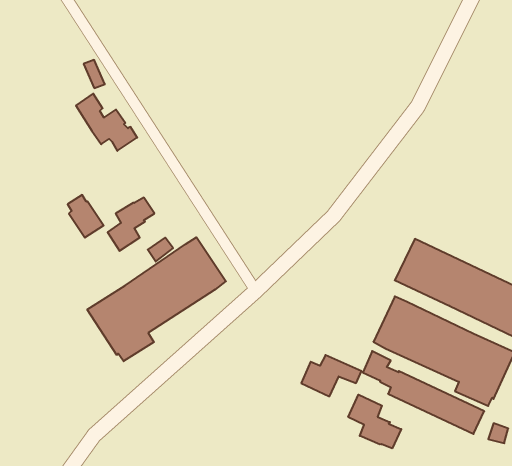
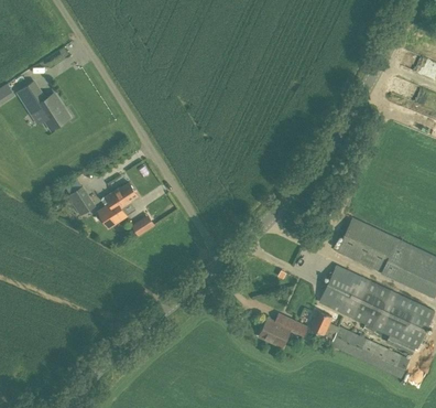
building: [76,94,137,151] -> [19,82,69,129]
building: [87,237,226,361] -> none
building: [348,395,401,448] -> none

